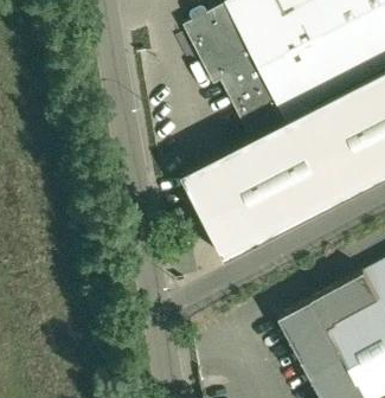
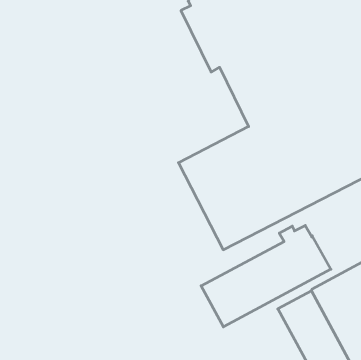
building: none -> [201,225,331,327]

